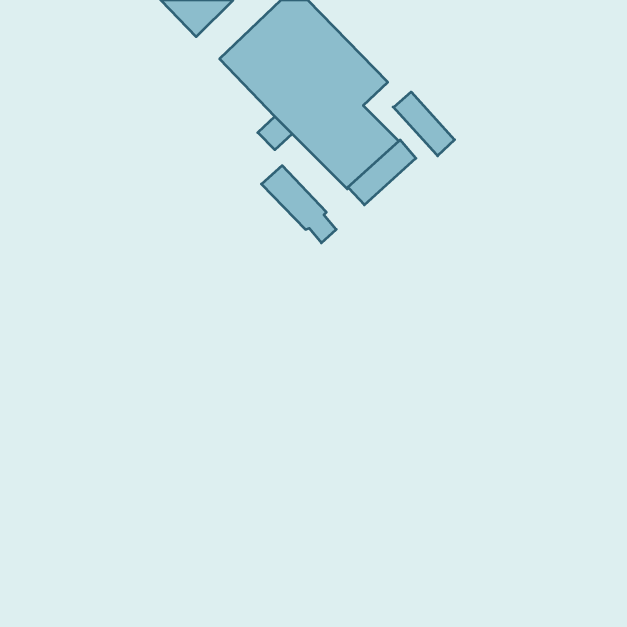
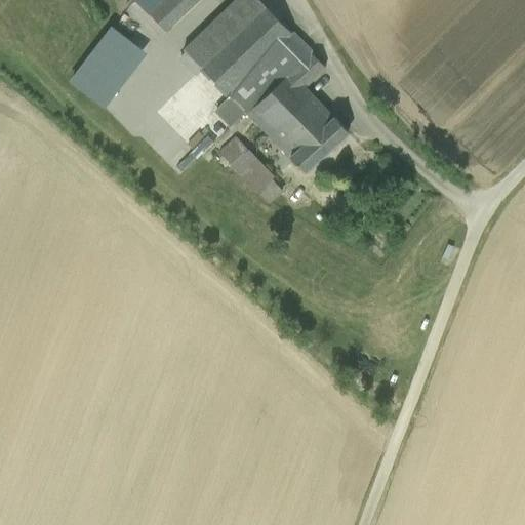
building: none -> [69,27,146,108]
building: [393,92,455,156] -> none

